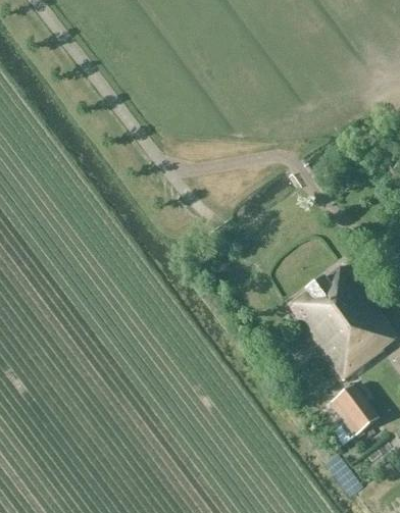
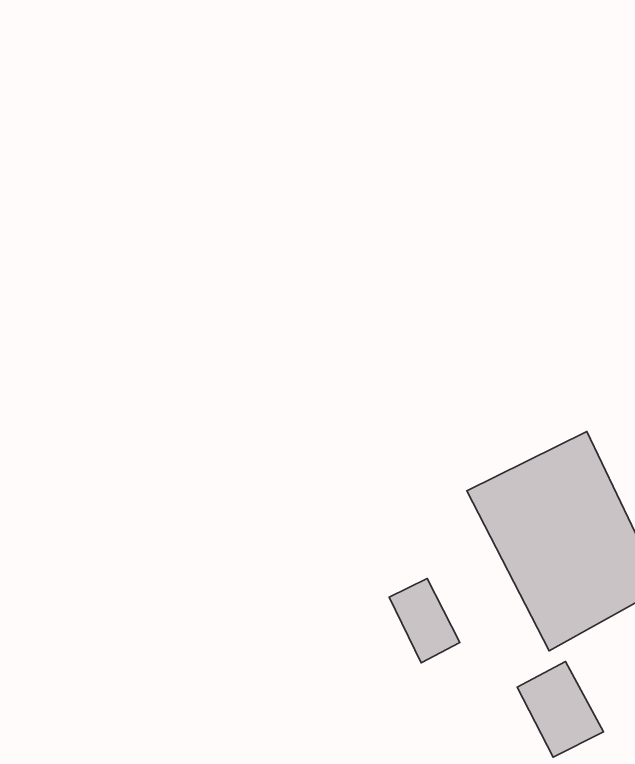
building: none -> [389,578,460,663]

